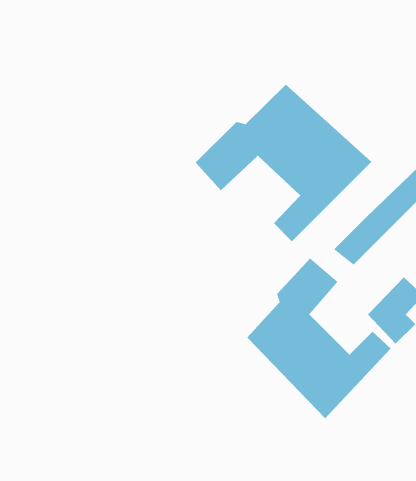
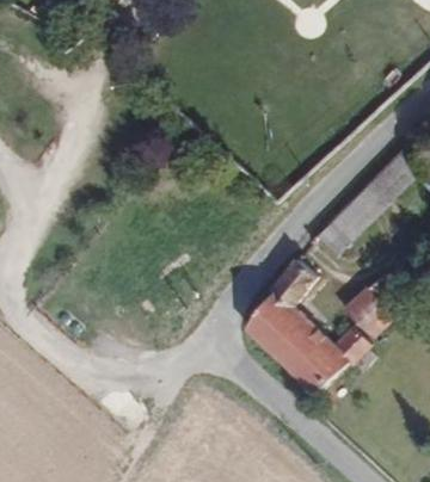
building: [195,84,372,242] -> none

